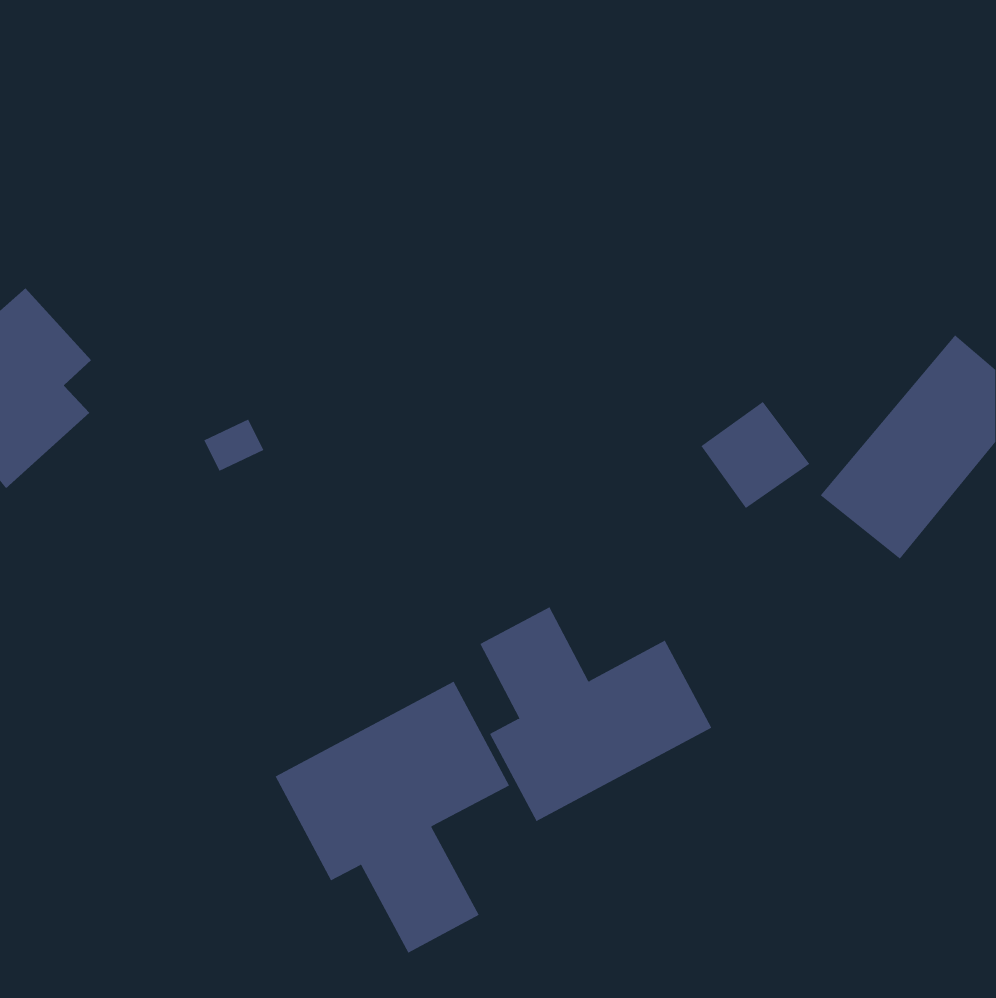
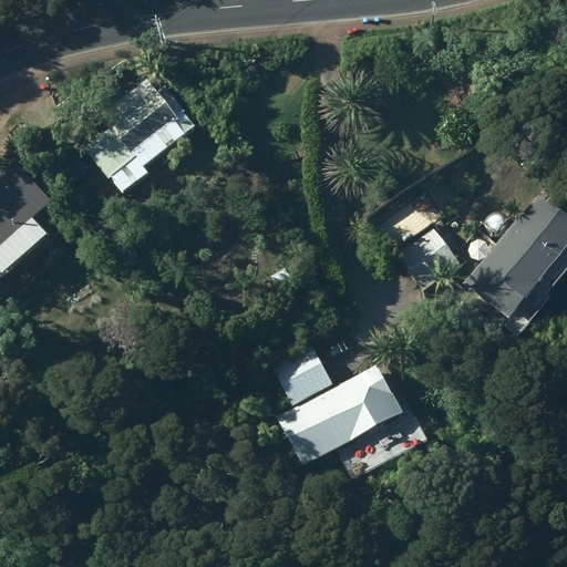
building: none -> [91,79,186,177]
building: [275,681,510,954] -> none

